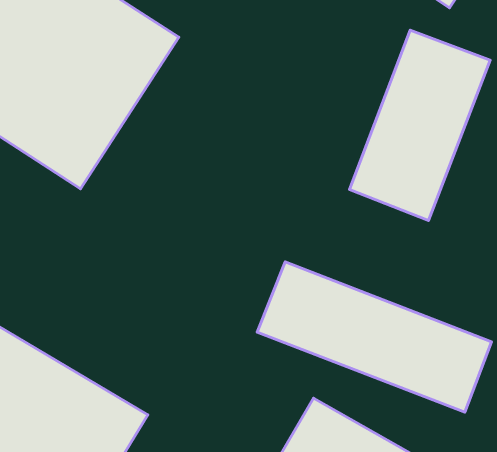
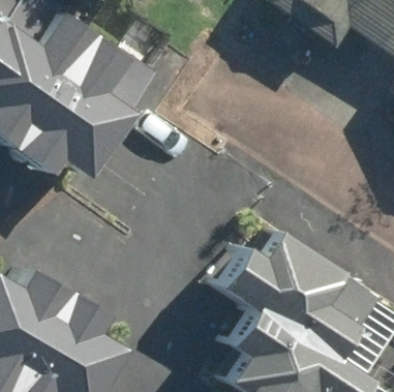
building: [350,30,490,220] -> none

